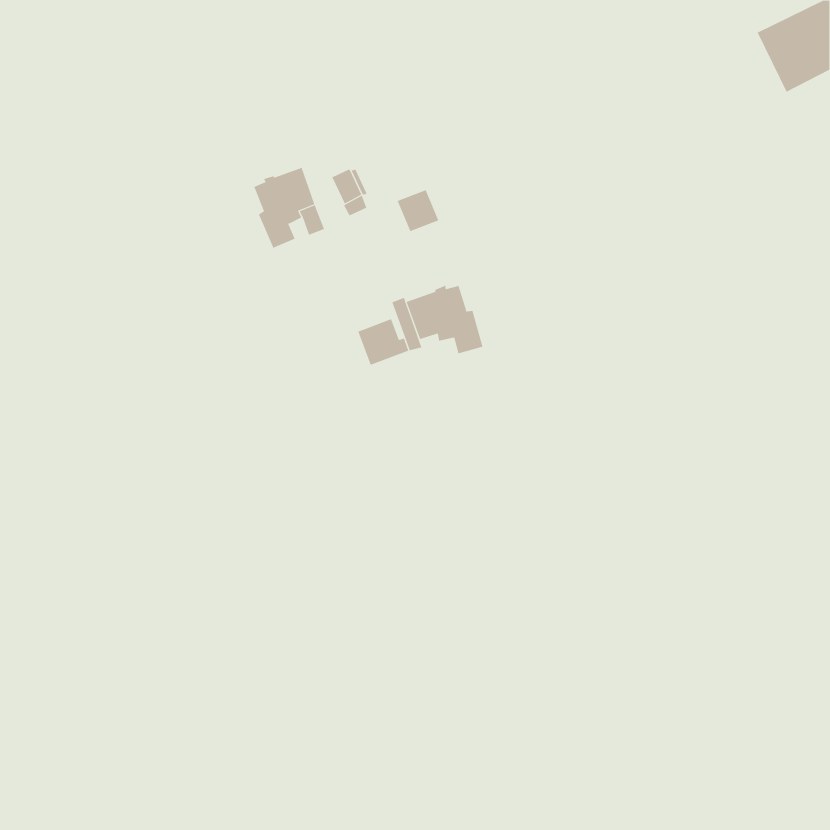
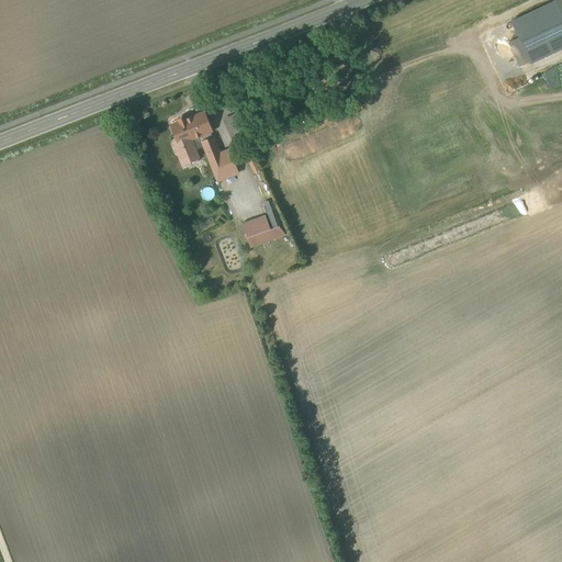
building: [397,189,439,232] -> [209,151,237,180]
building: [406,285,483,354] -> none

